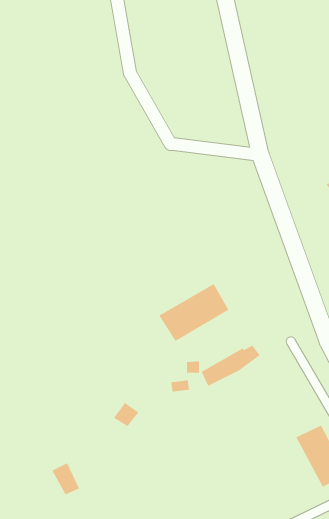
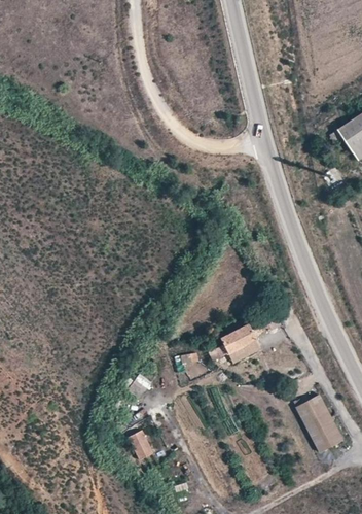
building: [158,283,229,342] -> none
building: [52,463,80,495] -> [128,431,153,460]

